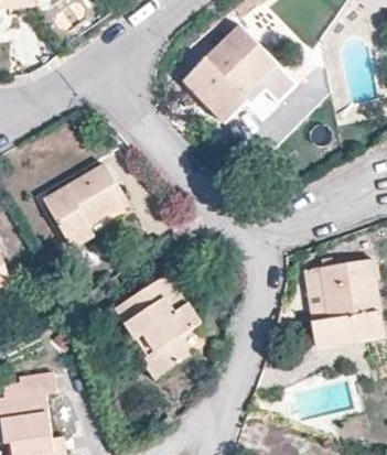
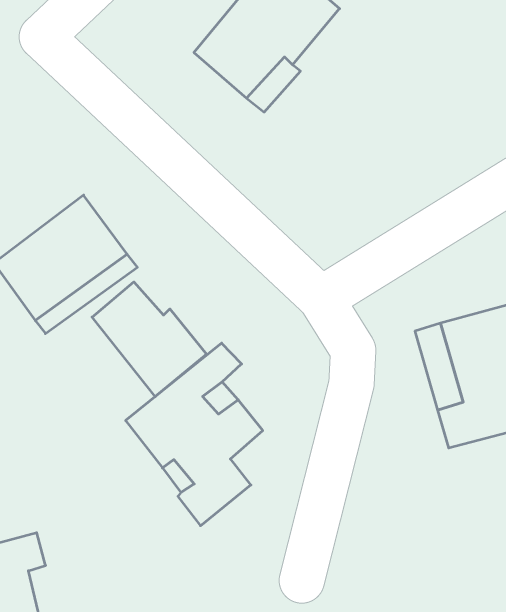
building: none -> [92,282,206,397]

